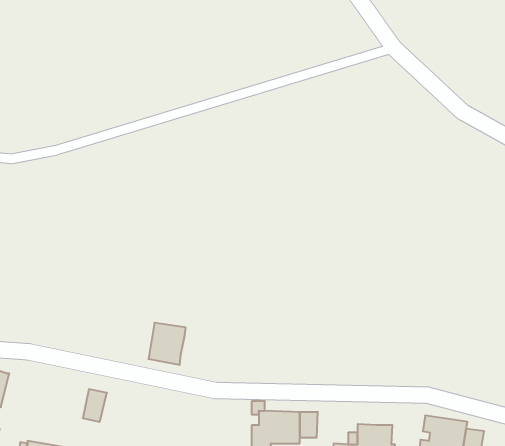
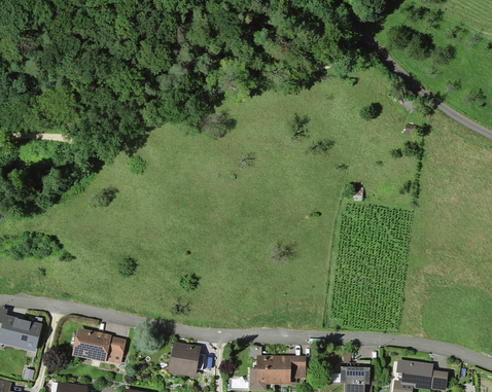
building: [148,323,186,365] -> [168,342,200,378]
building: none -> [71,328,110,362]

